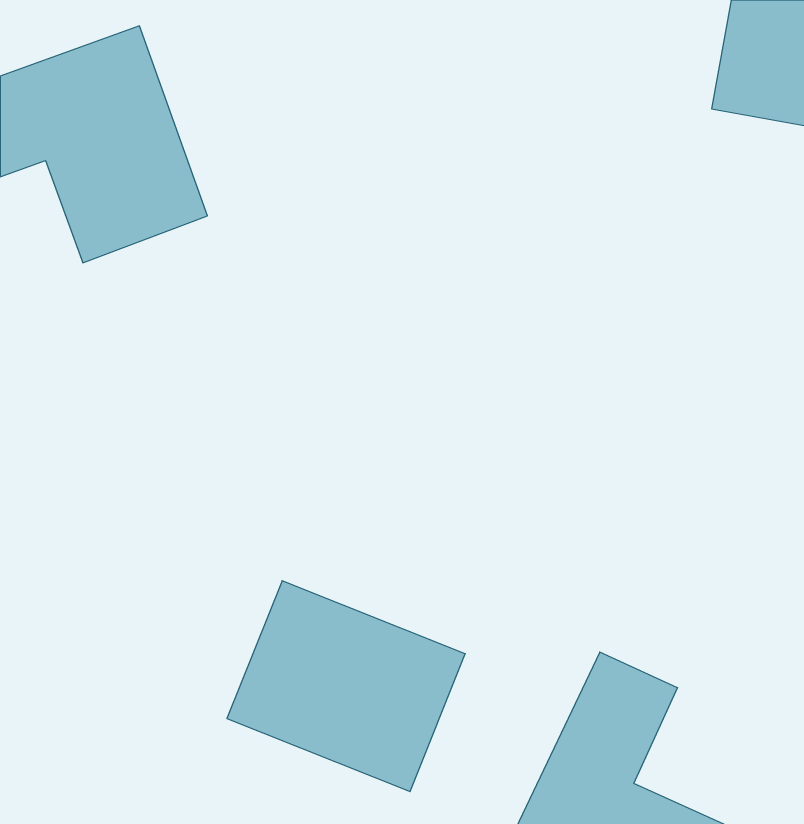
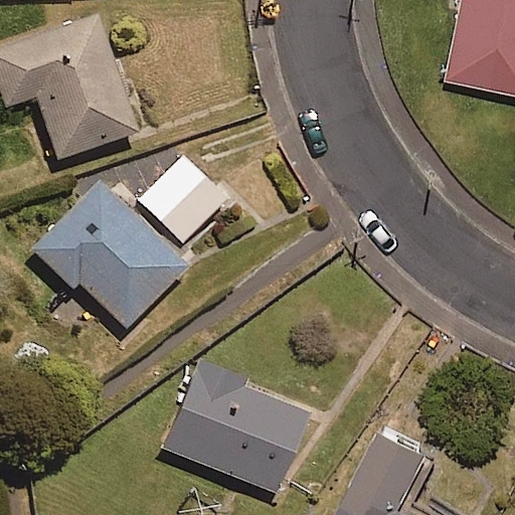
building: none -> [147,149,235,238]
building: none -> [22,183,181,335]

